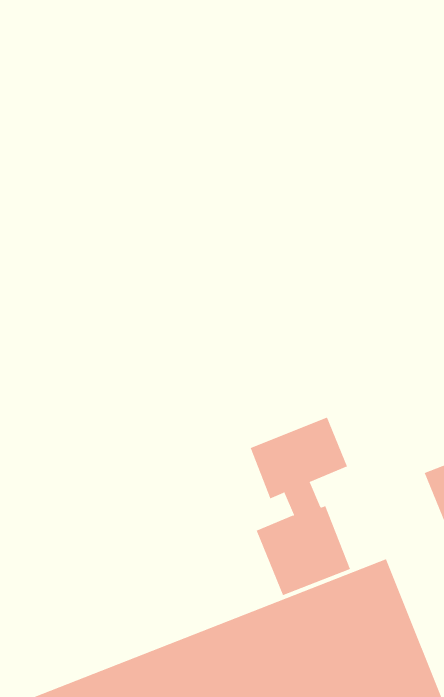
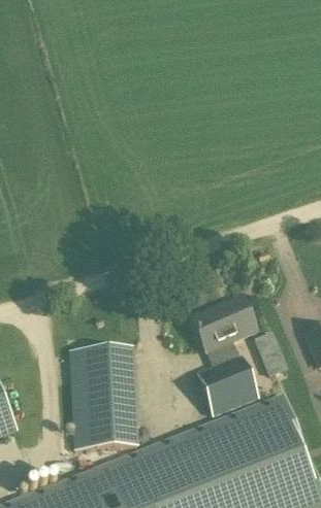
building: none -> [68,348,137,452]

